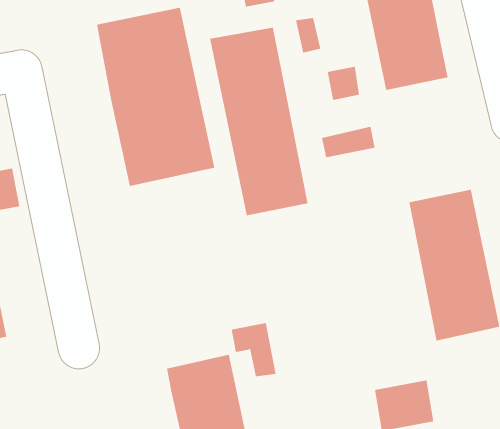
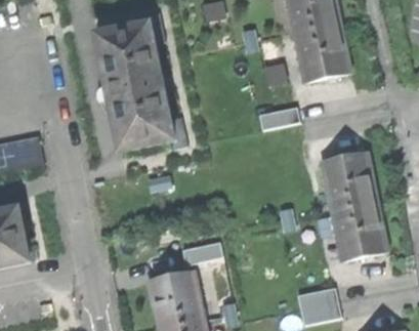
building: [210,27,308,216] -> none

